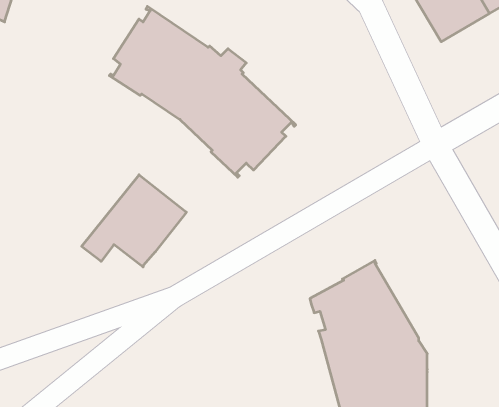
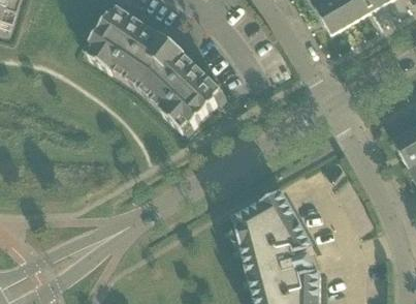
building: [82,175,186,267] -> none

